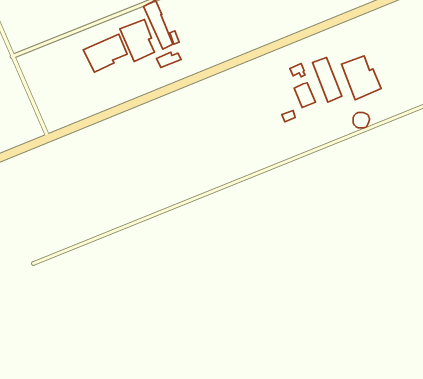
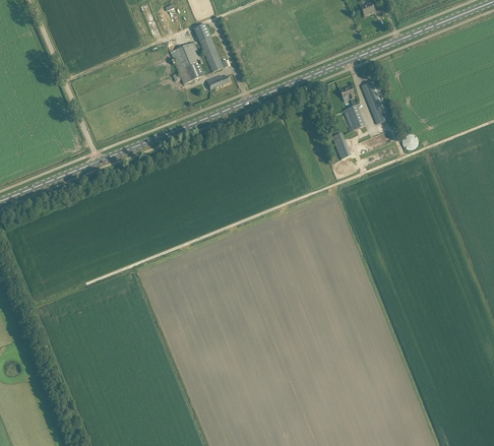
building: [83,34,127,72] -> none
building: [341,56,381,100] -> none

